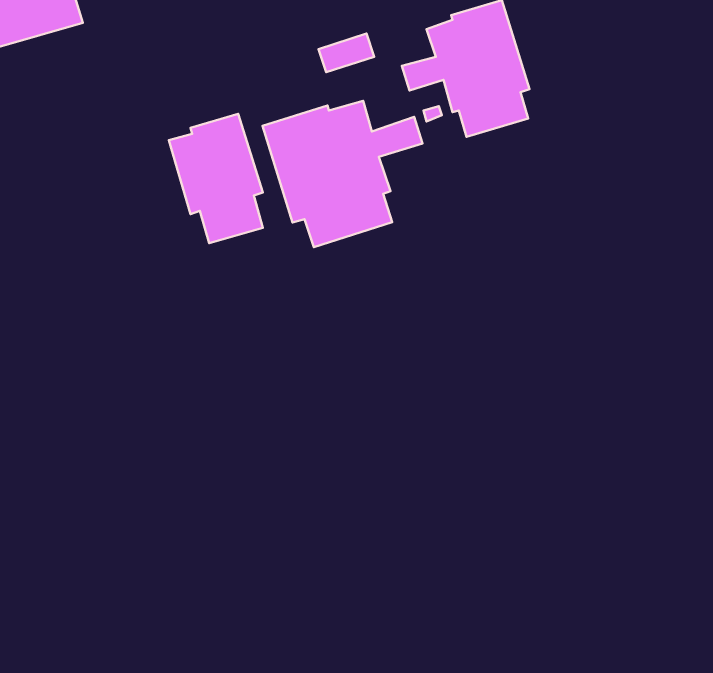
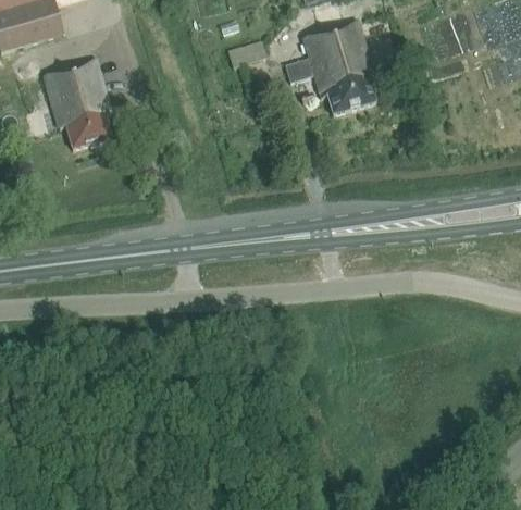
building: [263,101,422,247] -> none
building: [169,114,263,243] -> [44,58,110,149]

